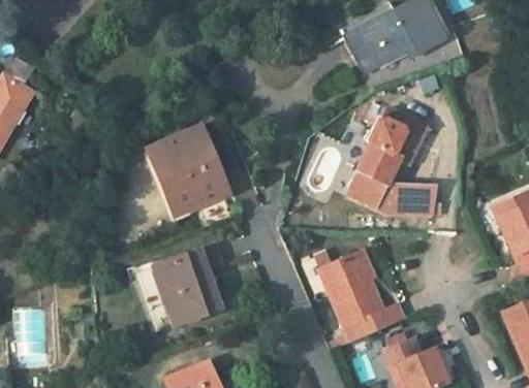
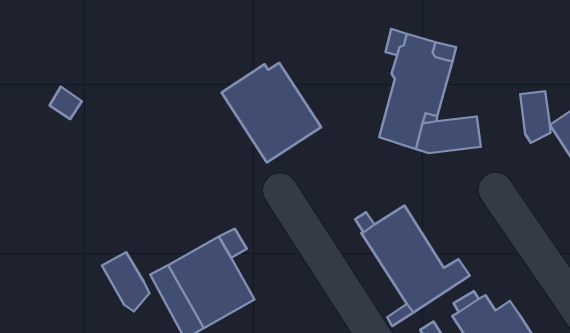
building: [149,132,227,215] -> [221,63,321,162]
building: none -> [520,91,550,143]
building: none -> [102,252,149,312]

